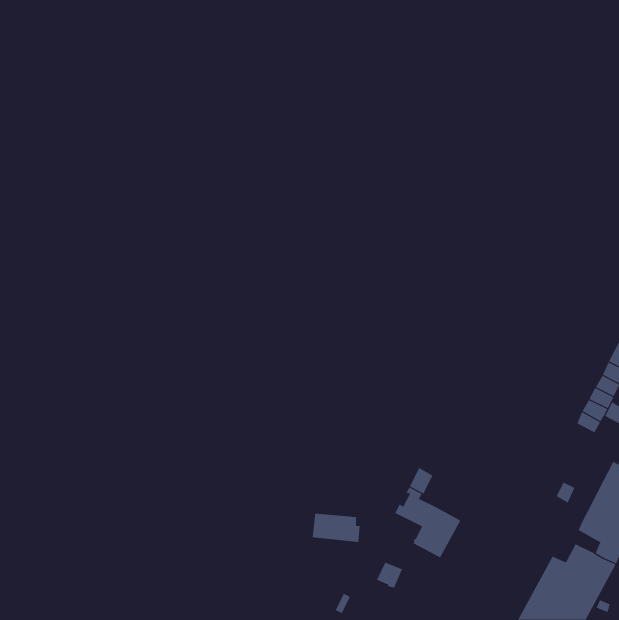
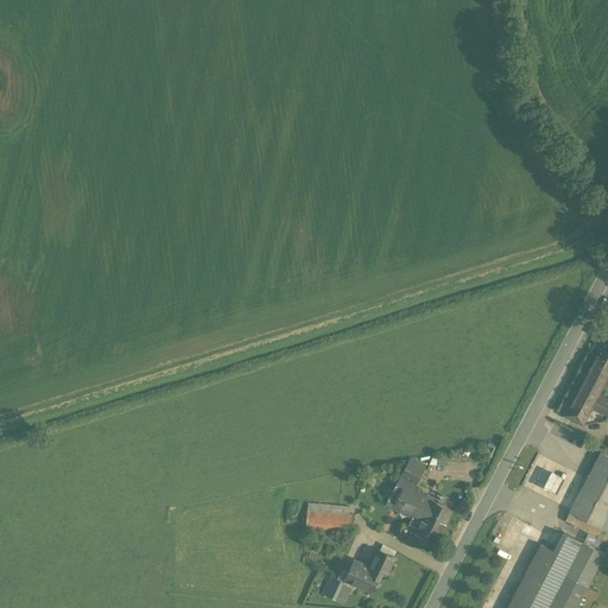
building: none -> [344,560,380,591]

